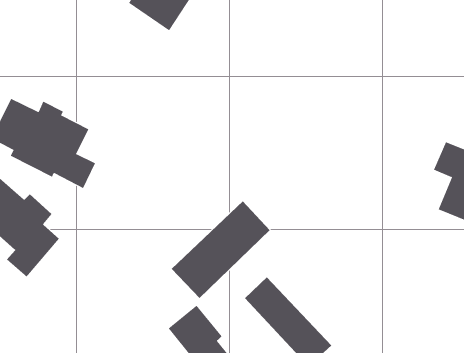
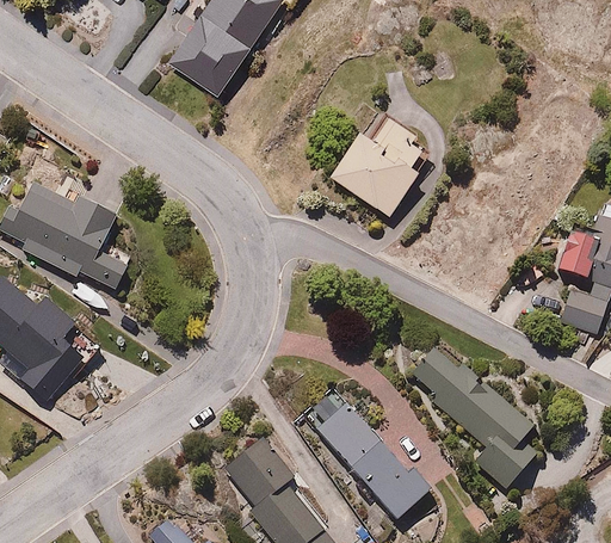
building: none -> [331,119,428,217]
building: [171,201,271,299] -> none
building: none -> [403,341,541,488]

